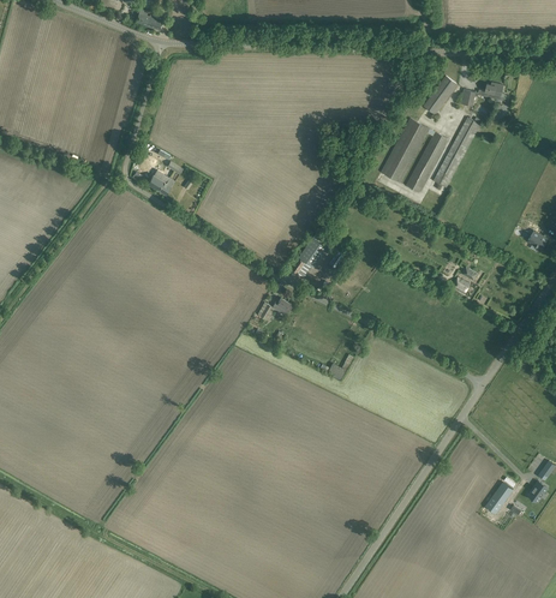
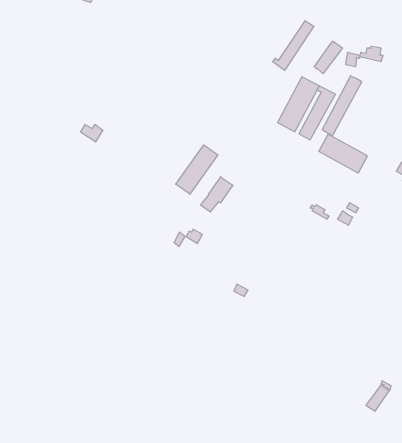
building: none -> [273,21,314,70]
building: none -> [319,134,368,173]
building: none -> [176,145,218,194]

